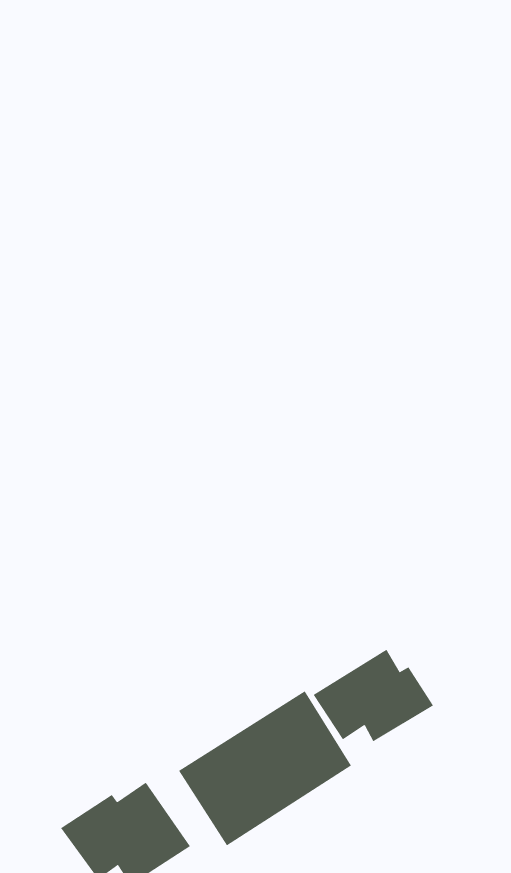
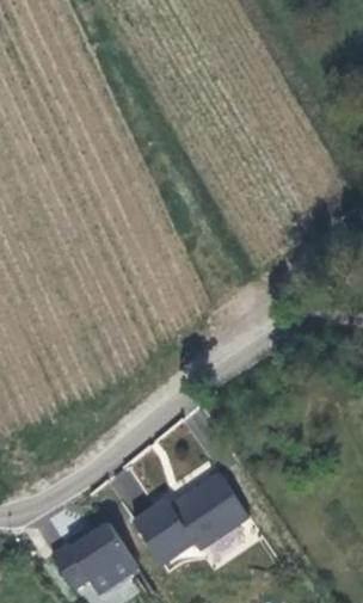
building: [313,649,434,742] -> none

